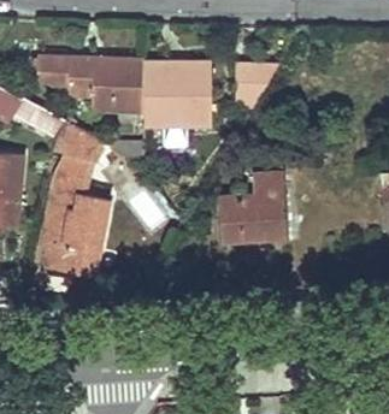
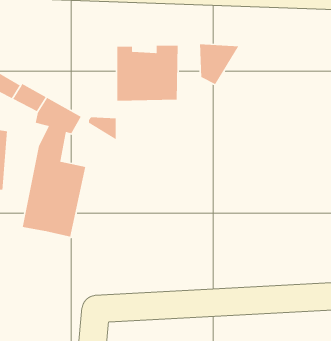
building: [37,57,143,113] -> none
building: [218,176,288,241] -> none

